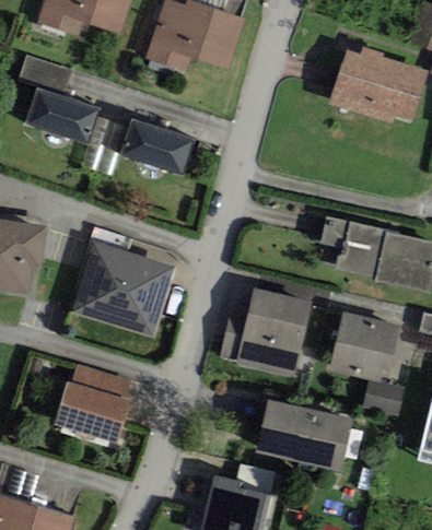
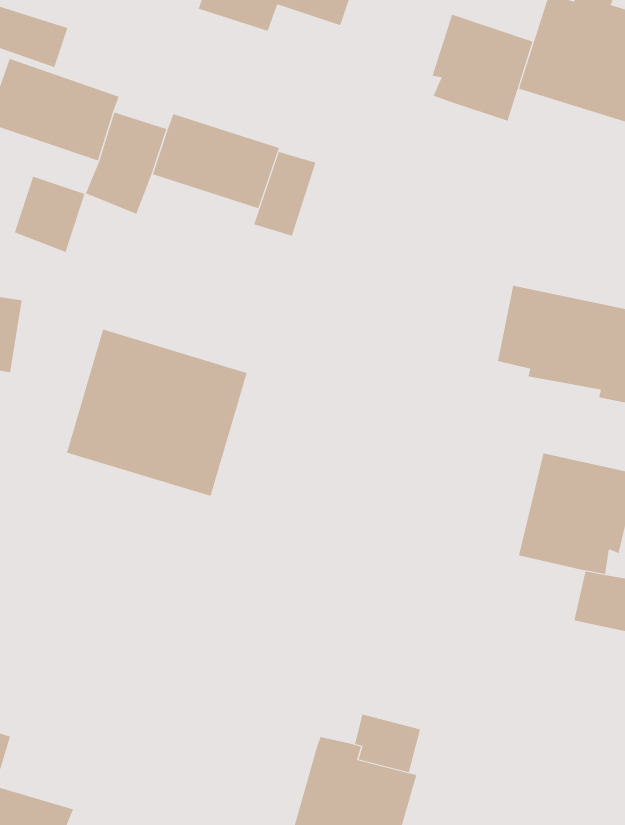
building: none -> [432,14,533,121]
building: none -> [253,151,316,237]
building: none -> [14,176,85,253]
building: [220,288,311,378] -> none
building: [54,365,130,444] -> none
building: [255,399,352,472] -> none

